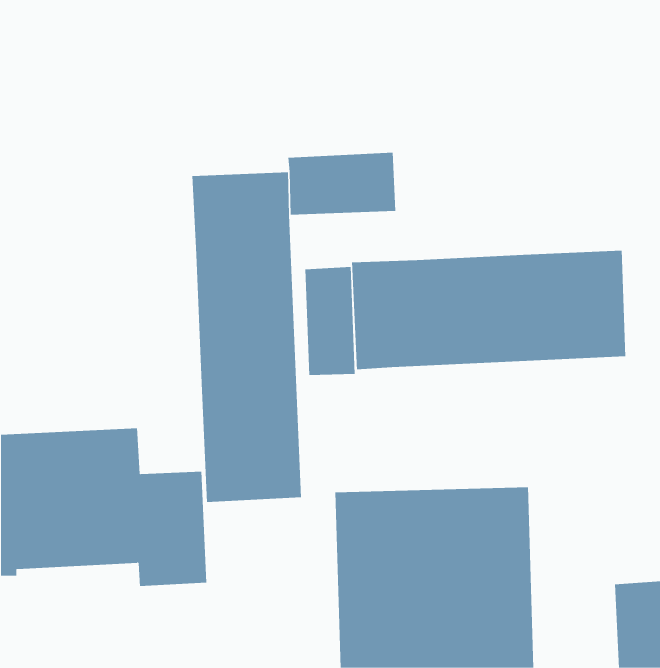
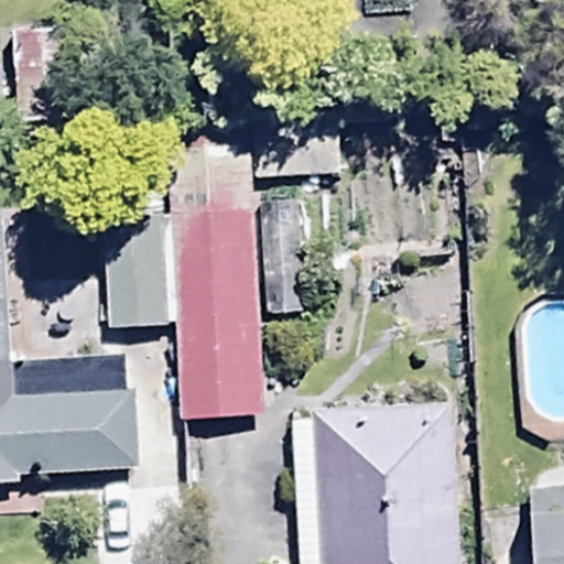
building: [351,250,626,370] -> none
building: none -> [100,214,177,325]

